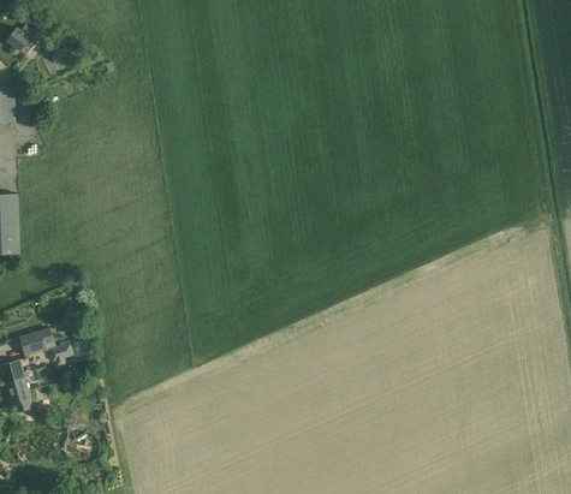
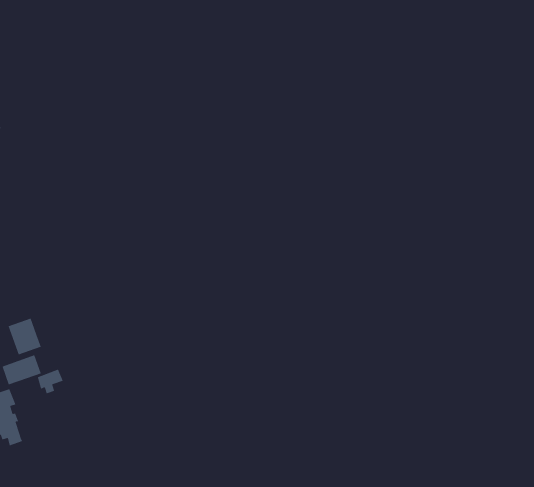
building: none -> [8,318,42,355]

